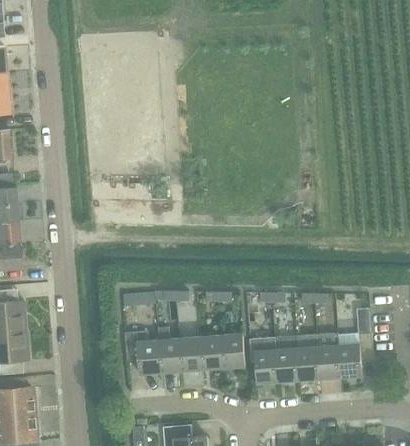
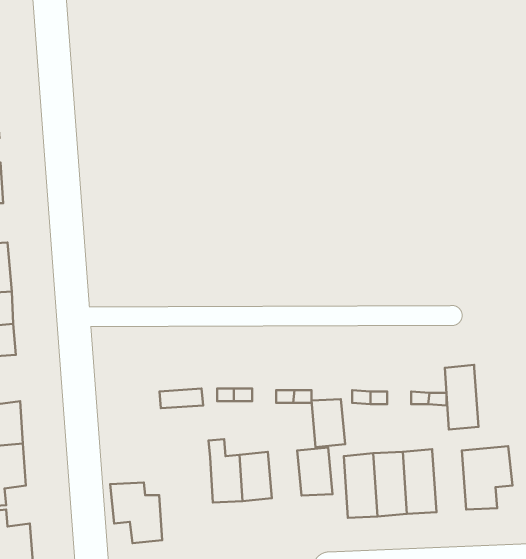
building: [124,331,161,374] -> [110,483,162,543]
building: [317,333,341,379] -> [445,365,478,430]
building: [200,335,224,369] -> [311,399,345,447]

